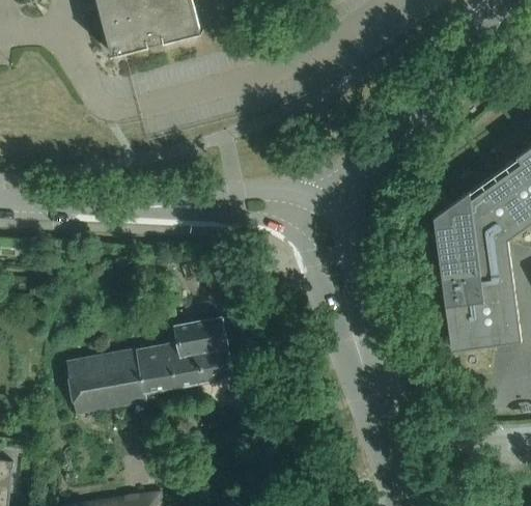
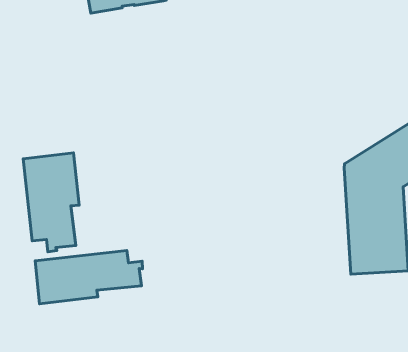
building: none -> [23,153,79,252]
building: [175,316,232,383] -> none

